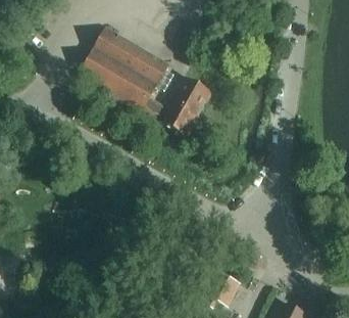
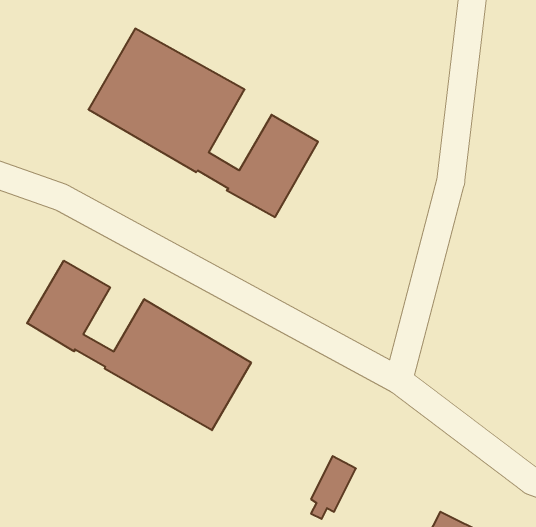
building: none -> [27,261,251,430]

